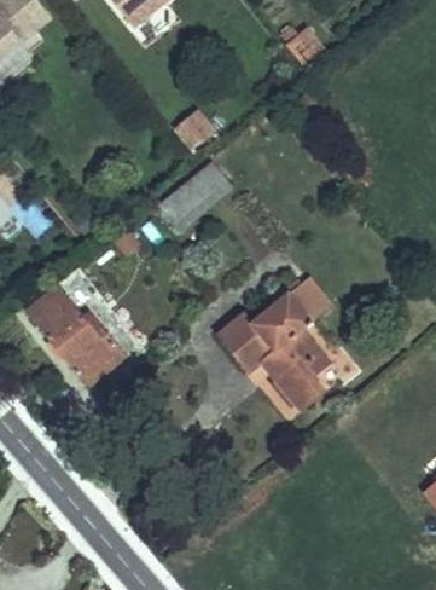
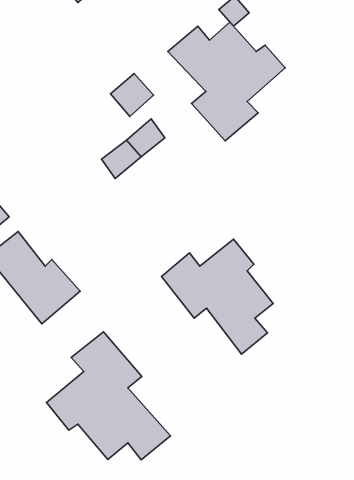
building: none -> [168,22,285,141]
building: none -> [46,332,171,460]

